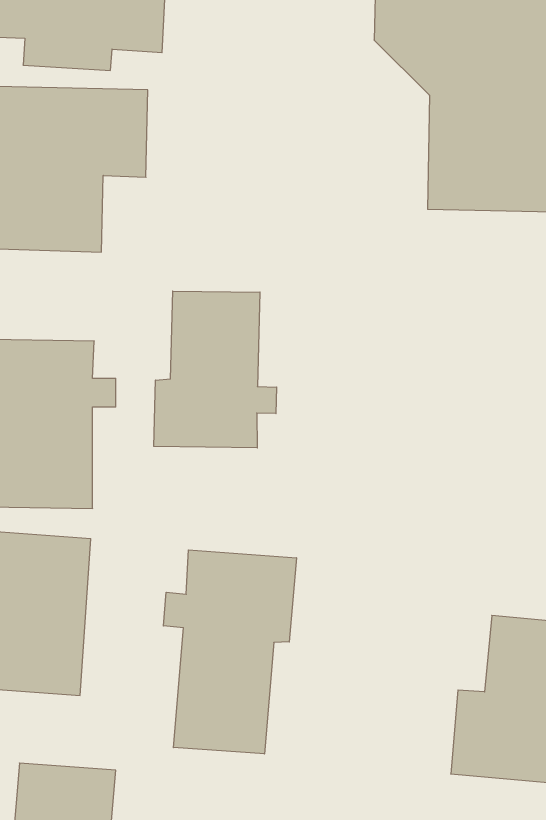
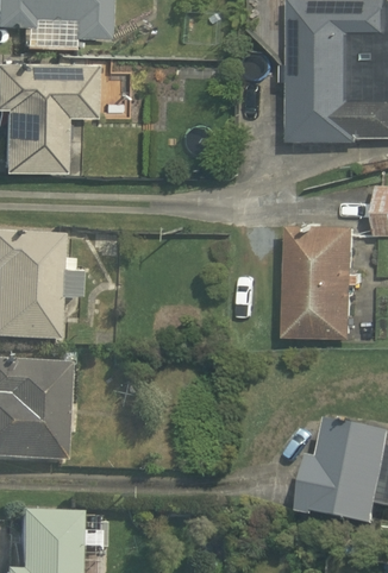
building: [154,291,277,448] -> none
building: none -> [286,221,363,341]
building: [163,550,296,754] -> none

